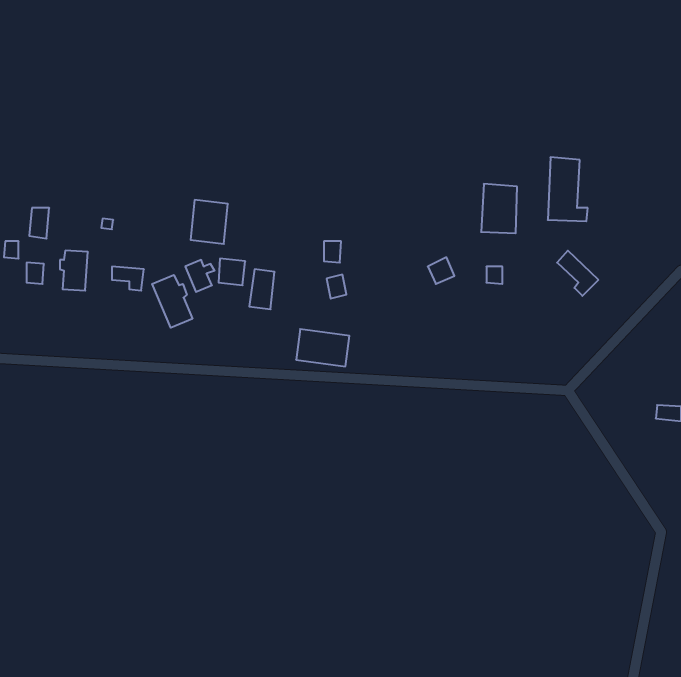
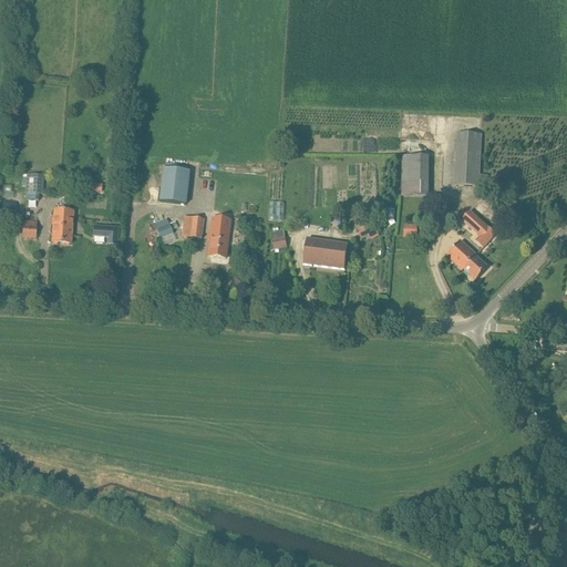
building: [152,275,192,328] -> none
building: none -> [447,239,487,278]
building: [296,329,349,366] -> [303,237,348,268]

